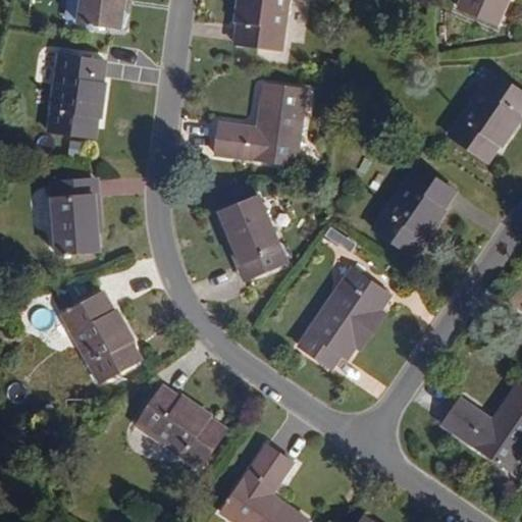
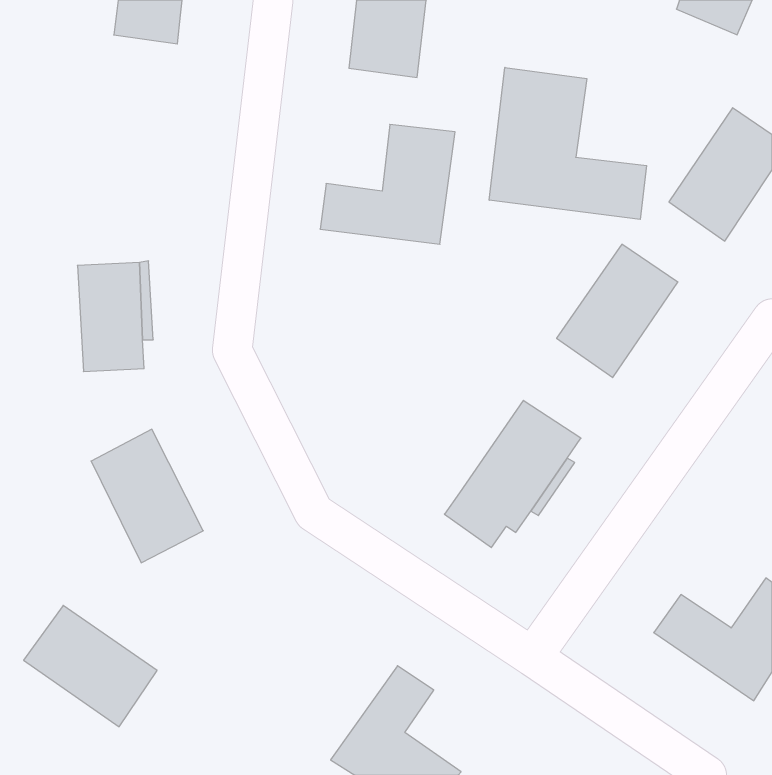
building: none -> [489,67,647,219]
building: [48,58,104,140] -> none
building: [218,198,282,279] -> none
building: [136,388,225,470] -> [24,605,157,727]

